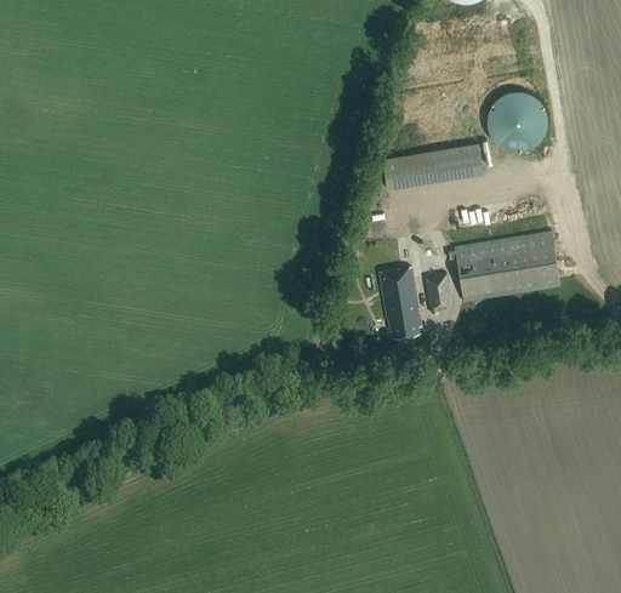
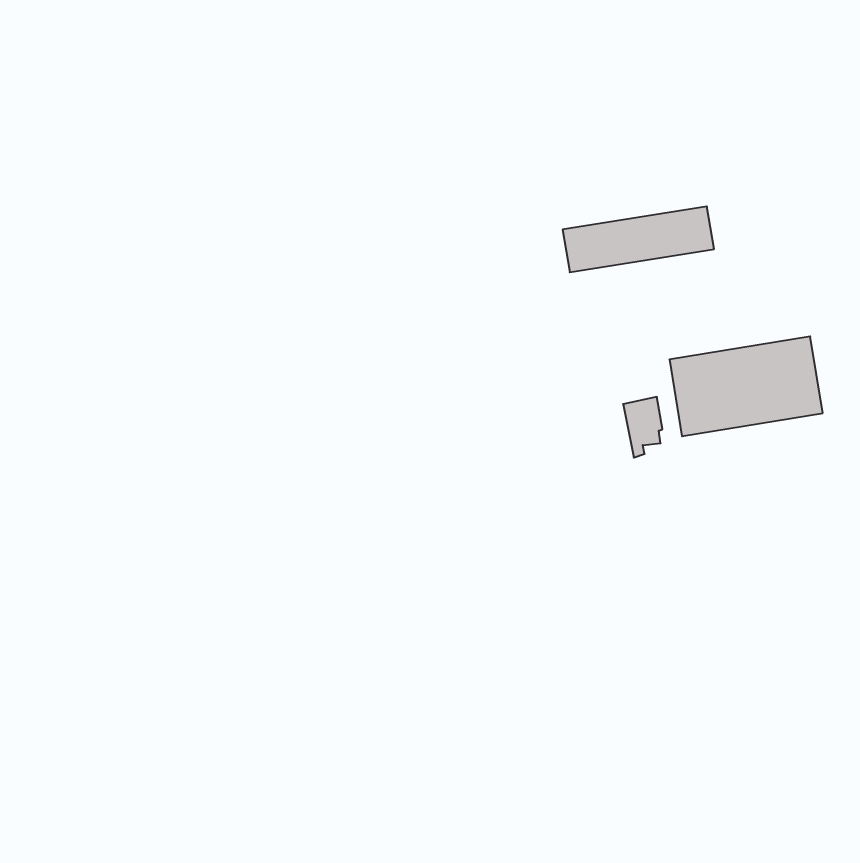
building: [489,92,546,148] -> none
building: [380,268,421,340] -> none

